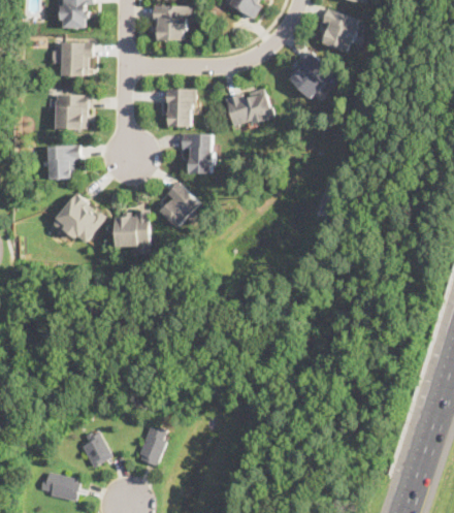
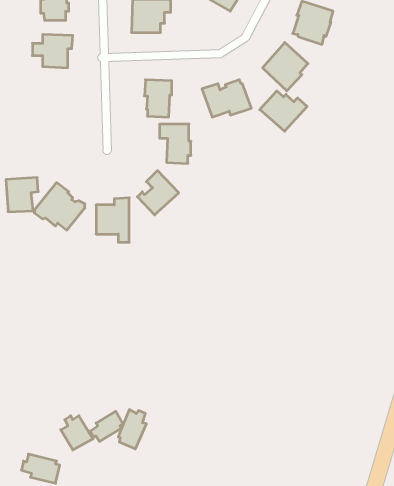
building: [55,95,87,129] -> none
building: none -> [260,91,307,131]
building: [46,145,79,180] -> [6,178,38,212]
building: none -> [90,411,123,441]

